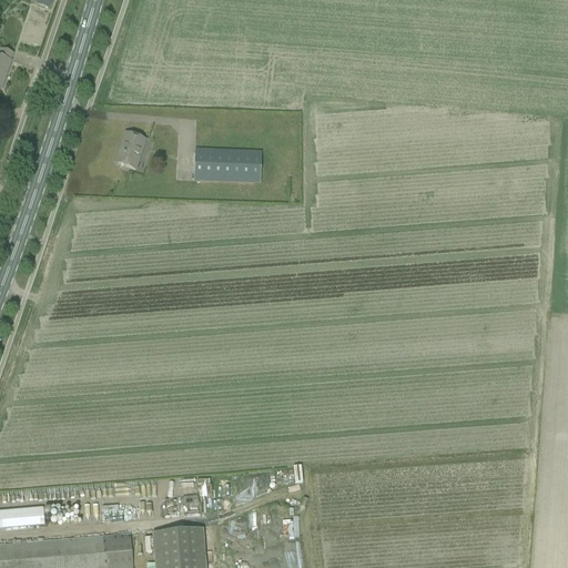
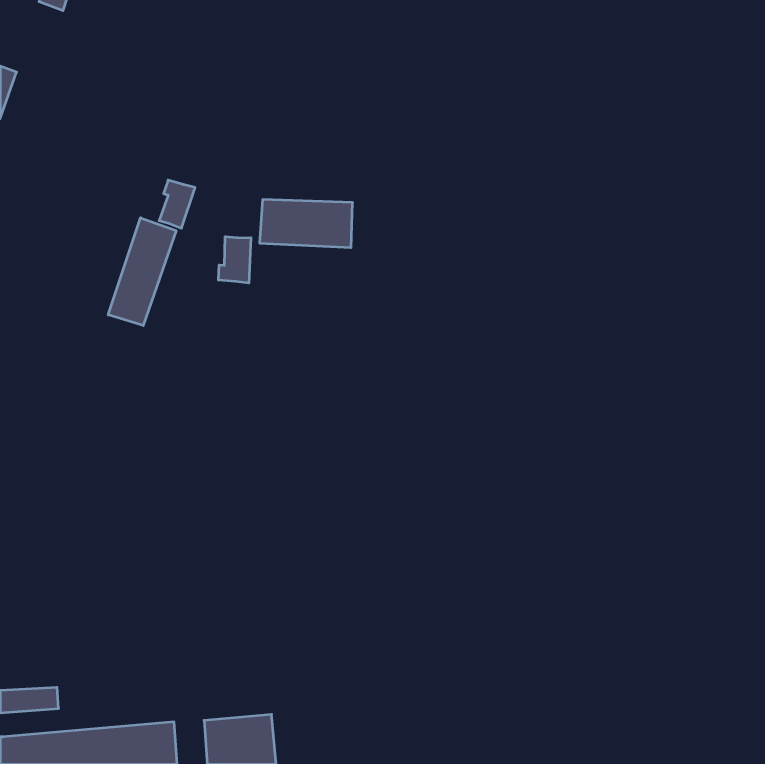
building: none -> [108,218,176,326]
building: none -> [218,237,251,283]

